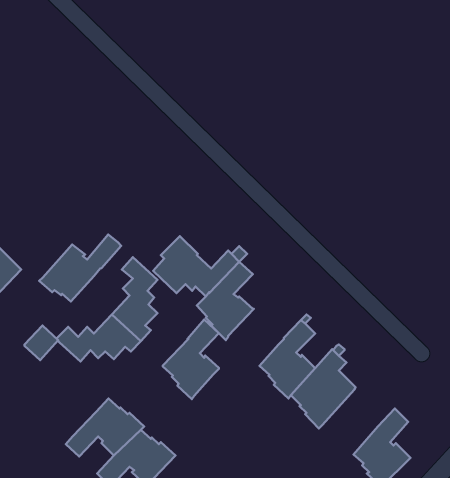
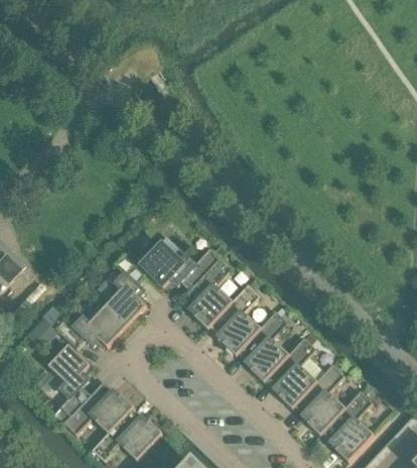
building: [39,235,121,302] -> none
building: [163,320,219,399] -> [208,283,259,355]
building: none -> [47,345,90,416]
building: none -> [293,364,343,435]

